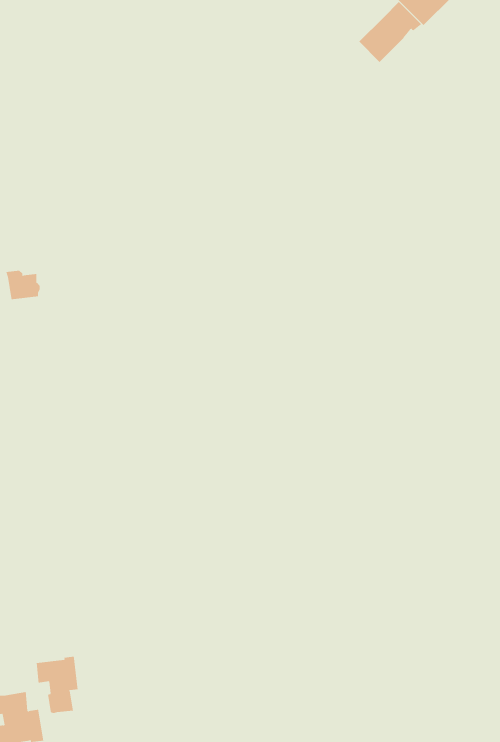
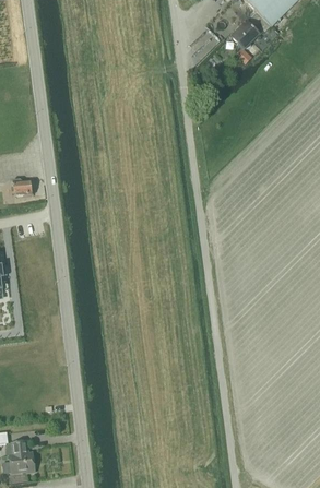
building: [36,656,78,714] -> none

